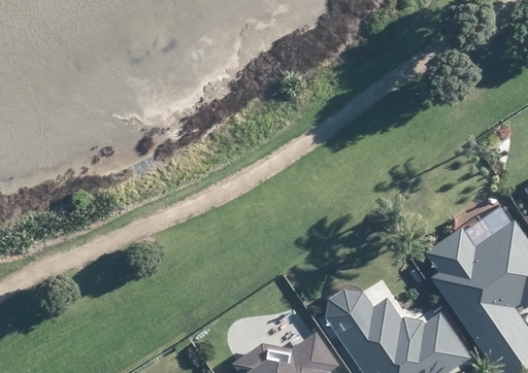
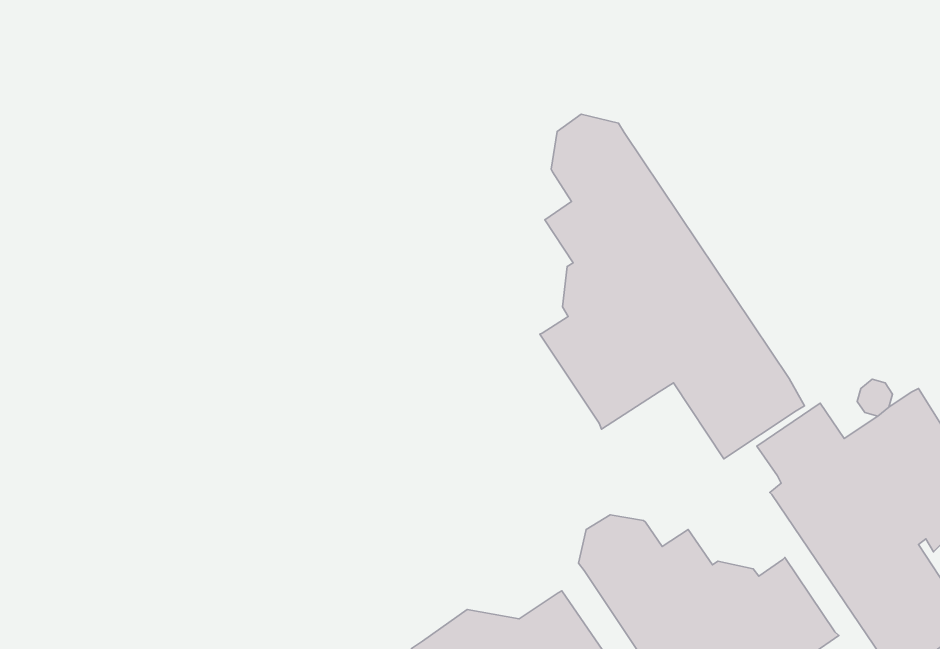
building: none -> [540,114,805,459]

